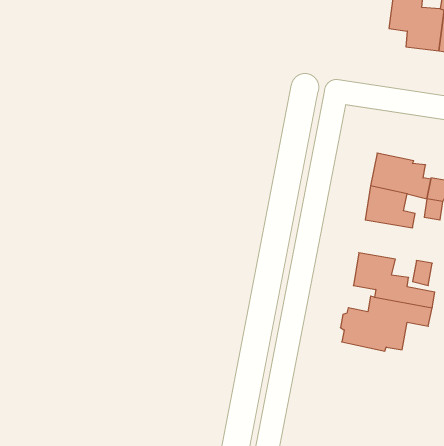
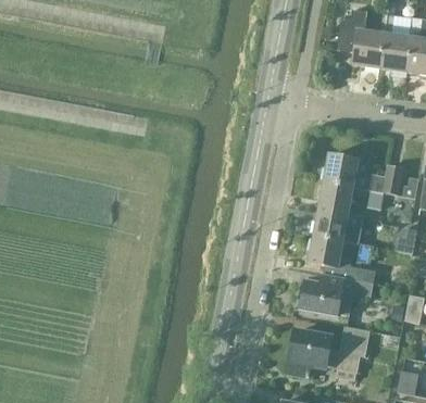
building: none -> [313,209,363,243]
building: none -> [337,326,369,370]
building: none -> [287,329,329,376]

